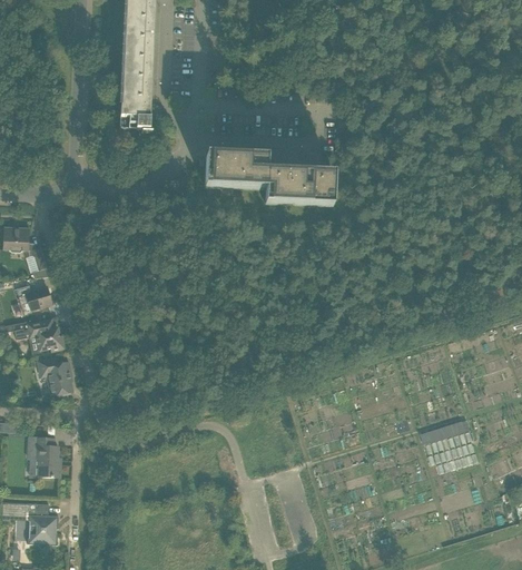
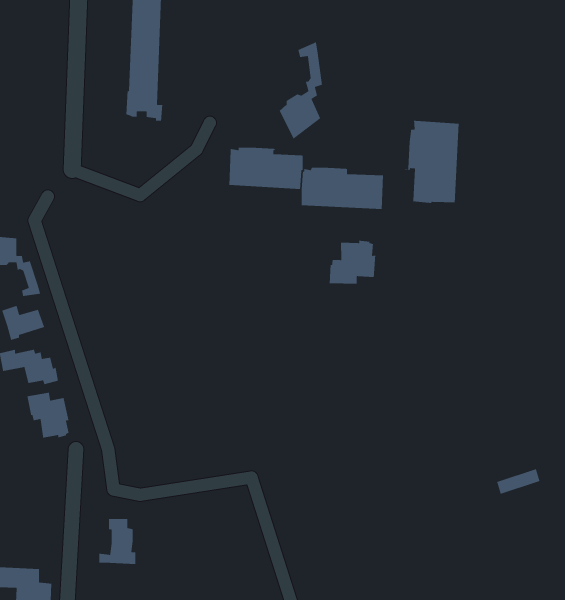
building: none -> [279,41,323,140]
building: none -> [404,120,459,204]
building: none -> [329,240,376,285]
building: [29,436,60,475] -> [99,518,136,565]

